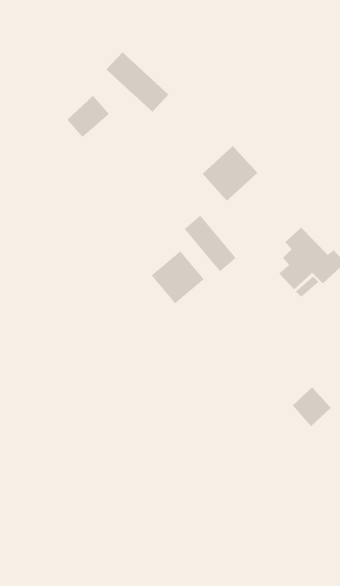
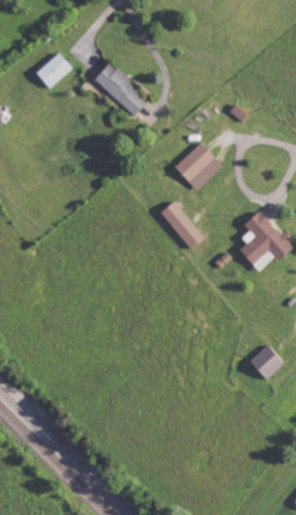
building: [67,95,110,138] -> [35,52,71,89]
building: [151,251,205,304] -> none

